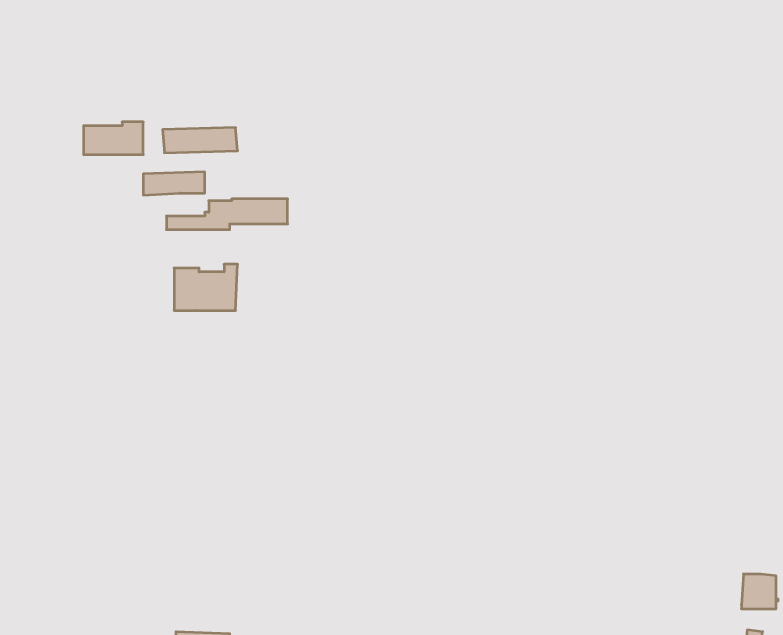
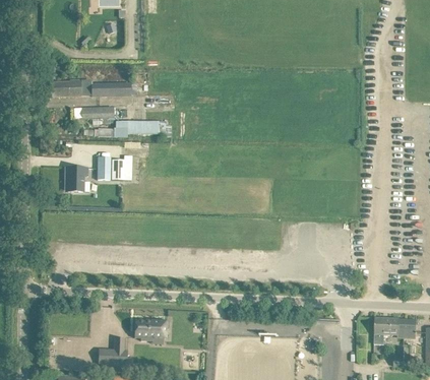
building: none -> [65,167,89,191]
building: none -> [374,317,398,343]
building: none -> [134,318,167,340]

